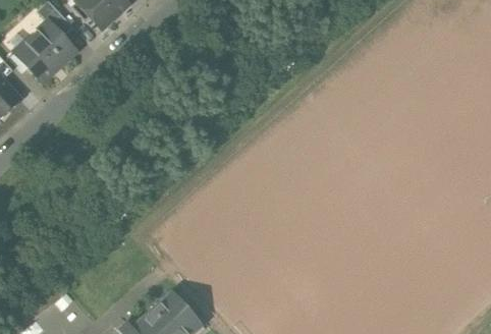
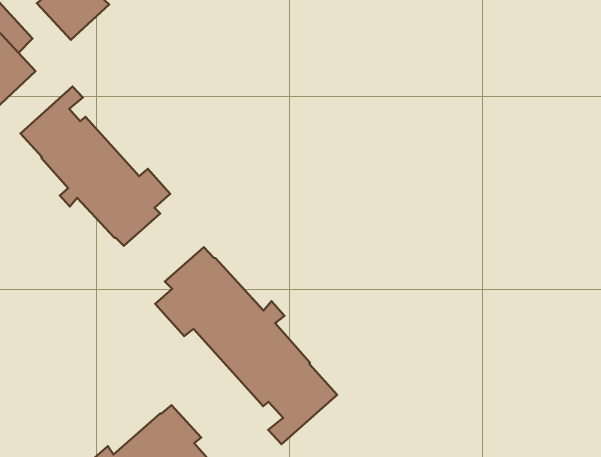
building: none -> [20,87,170,246]
building: none -> [155,247,337,444]

